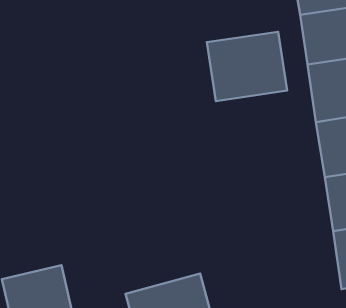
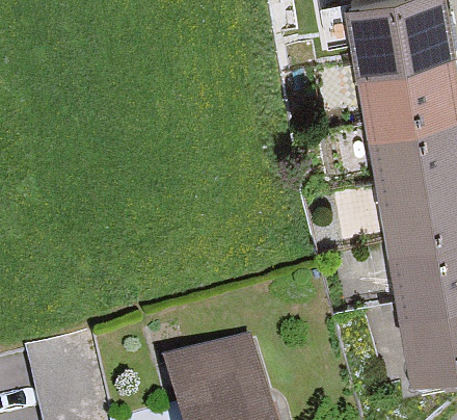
building: [207,32,287,101] -> none

